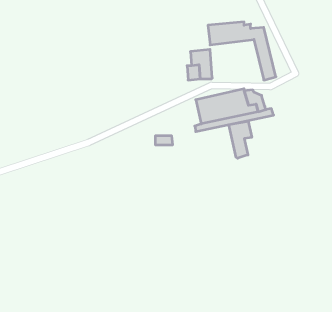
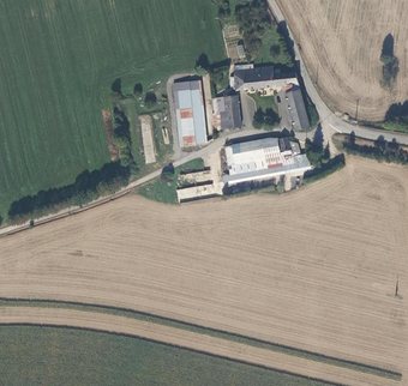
building: none -> [178,85,203,141]
building: [229,121,252,158] -> none

